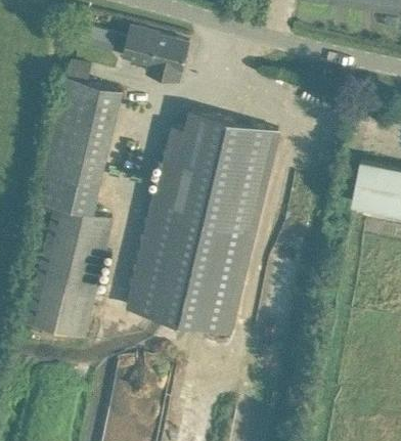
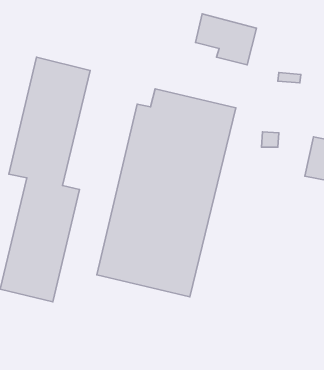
building: [124,28,189,82] -> [195,14,257,65]

